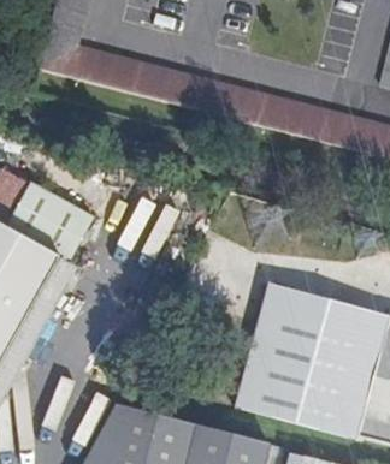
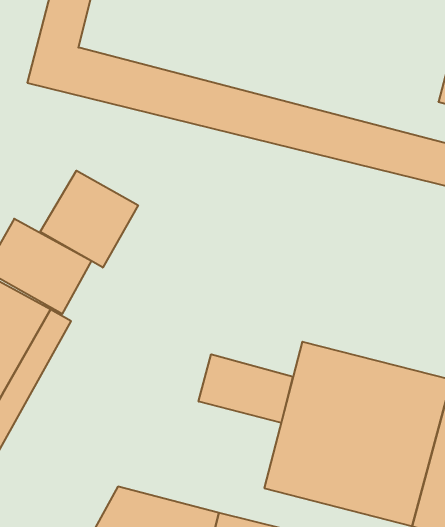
building: none -> [40,171,138,268]
building: none -> [199,354,293,423]

